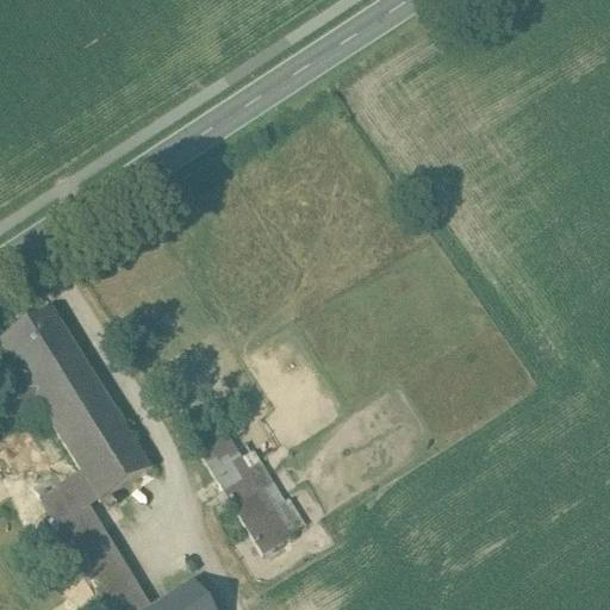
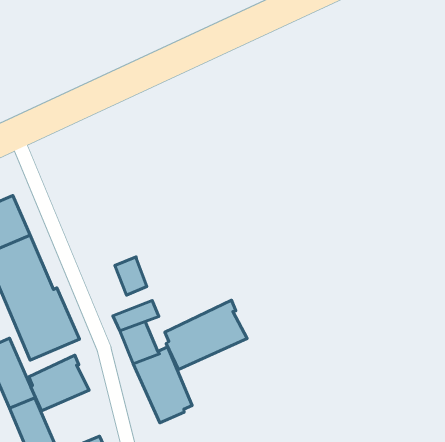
building: none -> [115,257,147,295]
building: none -> [165,300,247,369]
building: none -> [29,355,89,411]

